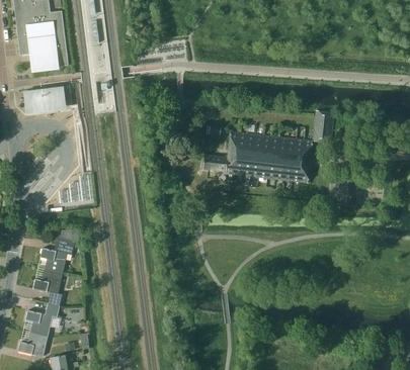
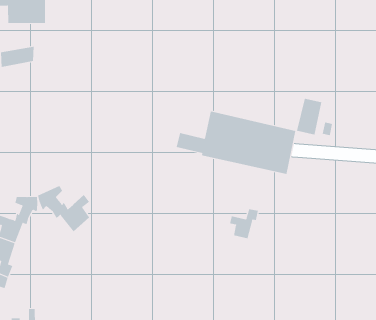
building: none -> [38,185,90,232]
building: none -> [229,208,258,239]

